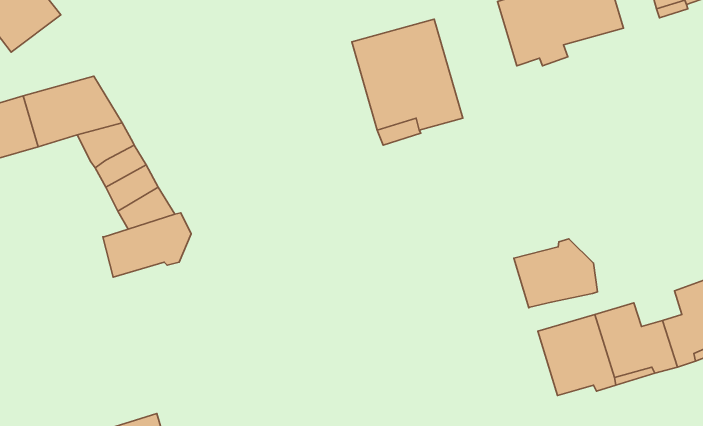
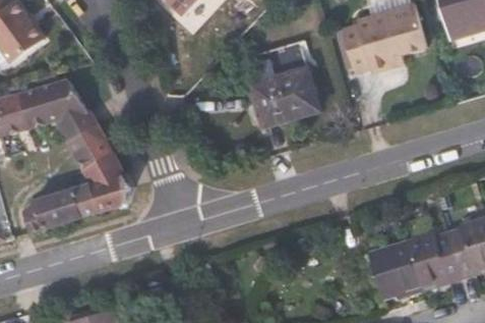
building: none -> [22,190,81,233]
building: [514,239,598,308] -> none

